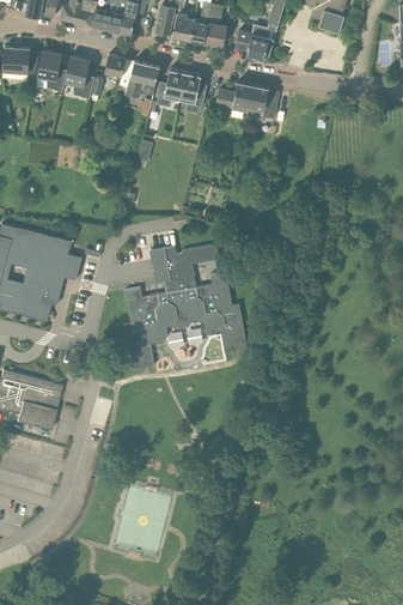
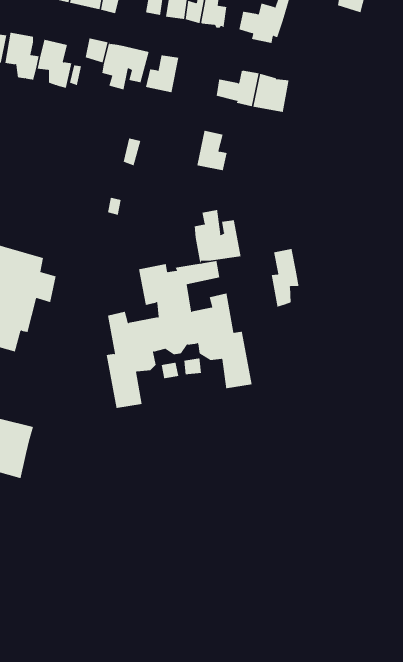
building: [179,71,206,105] -> [197,130,228,171]
building: none -> [194,209,241,263]
building: none -> [271,248,299,307]

